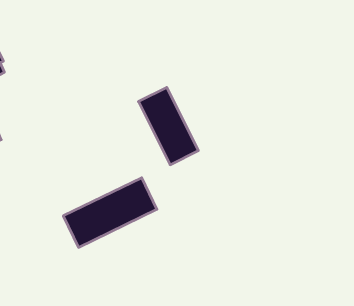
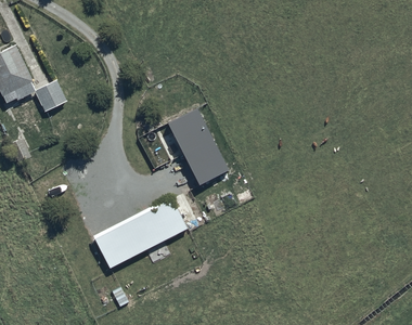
building: none -> [36,81,67,113]

